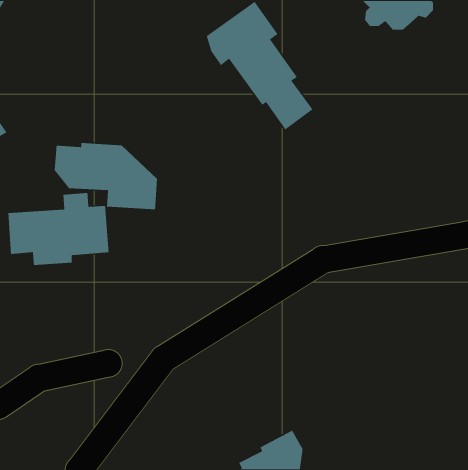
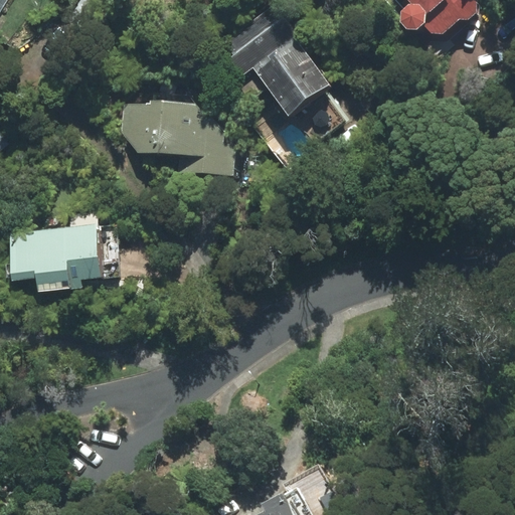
building: [54,142,158,210] -> [120,101,233,175]

